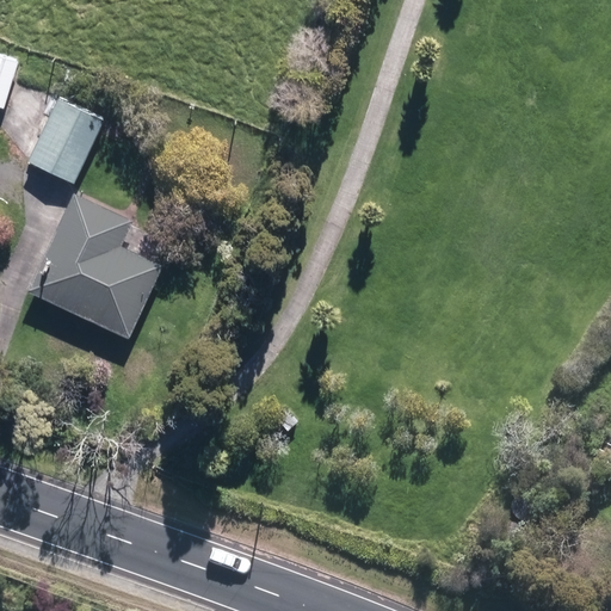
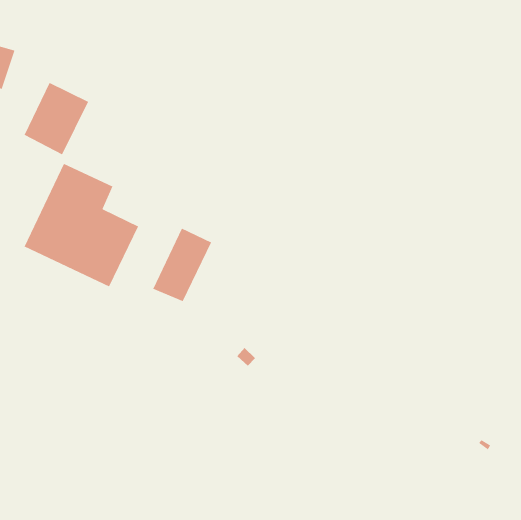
building: none -> [152,227,212,302]

